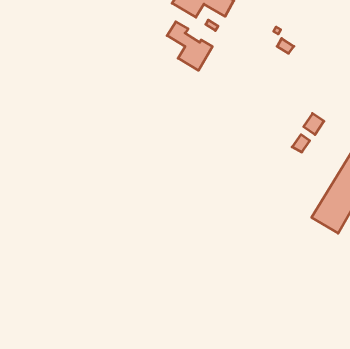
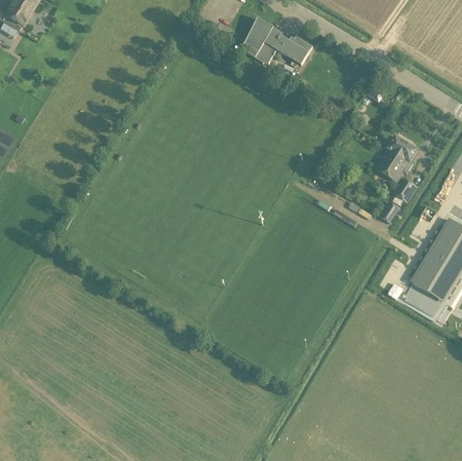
building: [167,22,212,70] -> none
building: none -> [375,135,418,181]

